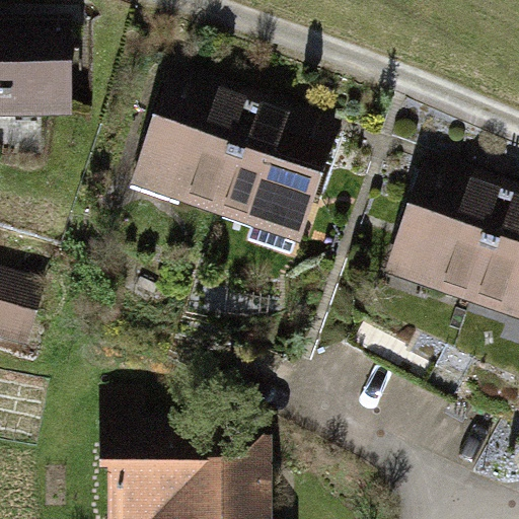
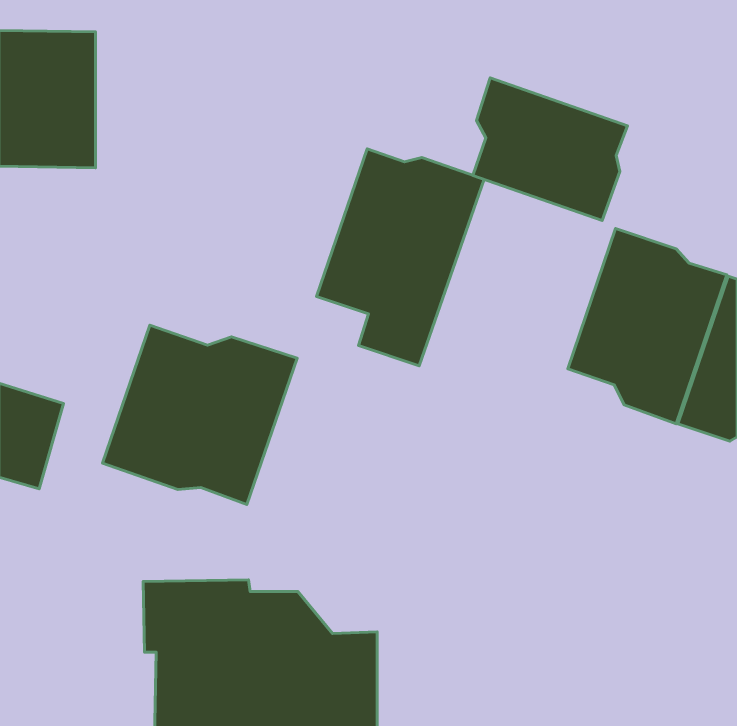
building: none -> [473,78,628,221]
building: [144,79,256,216] -> none
building: none -> [102,325,297,505]

